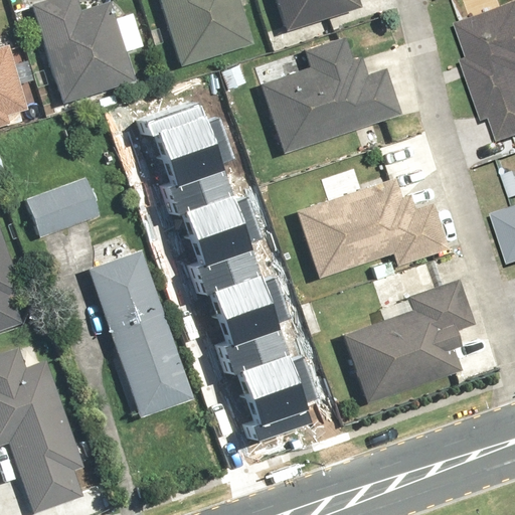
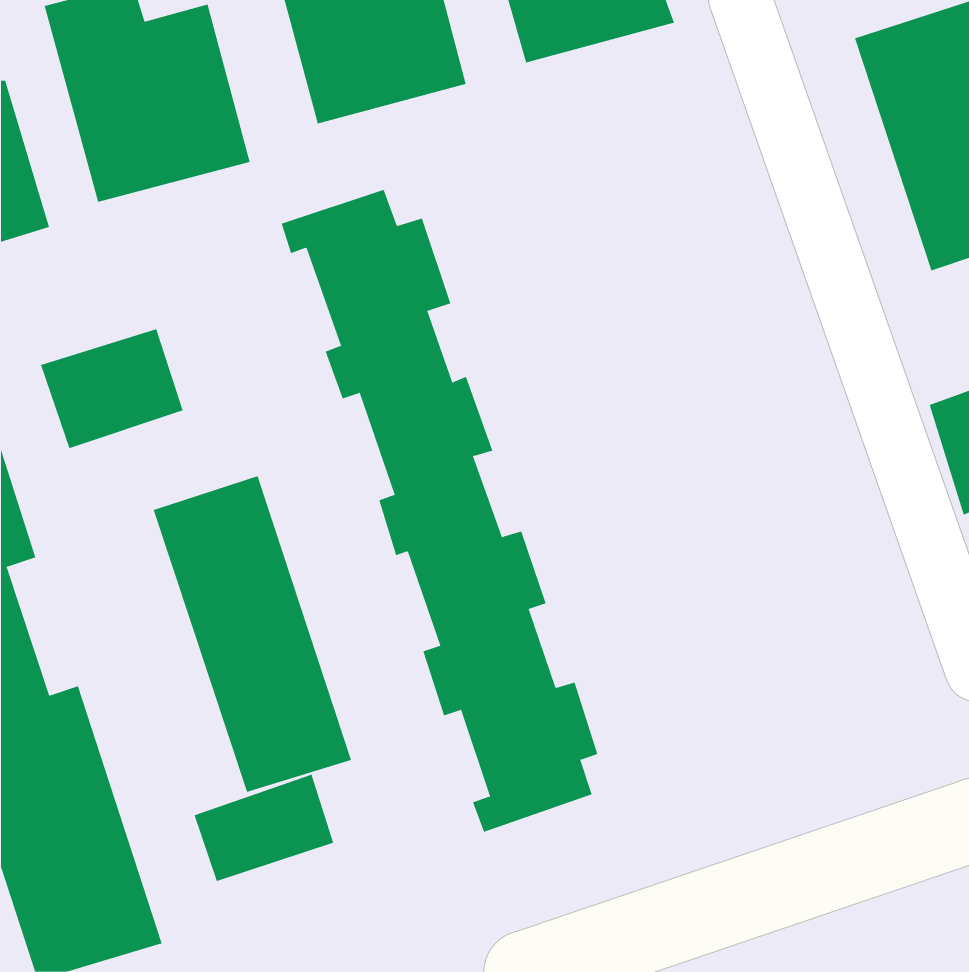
building: [254,37,399,154] -> none
building: [291,174,447,278] -> none
building: [333,280,474,403] -> none
building: none -> [194,774,334,882]

